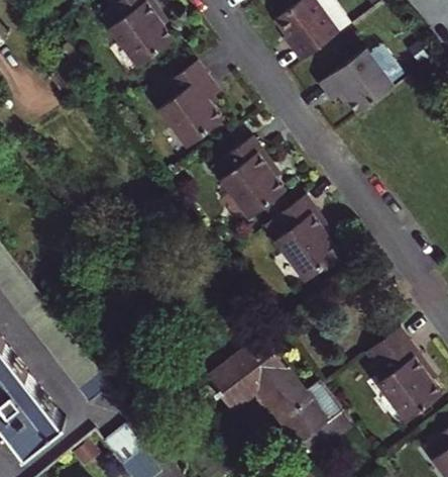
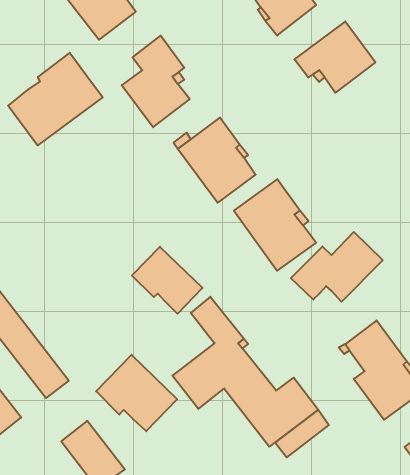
building: none -> [8,53,103,145]
building: none -> [291,232,383,302]
building: none -> [132,247,203,314]
building: none -> [96,355,177,431]

